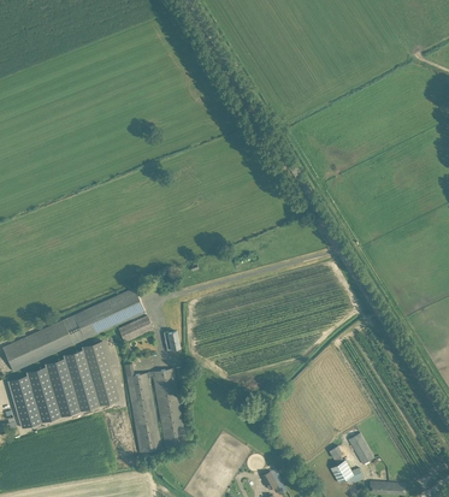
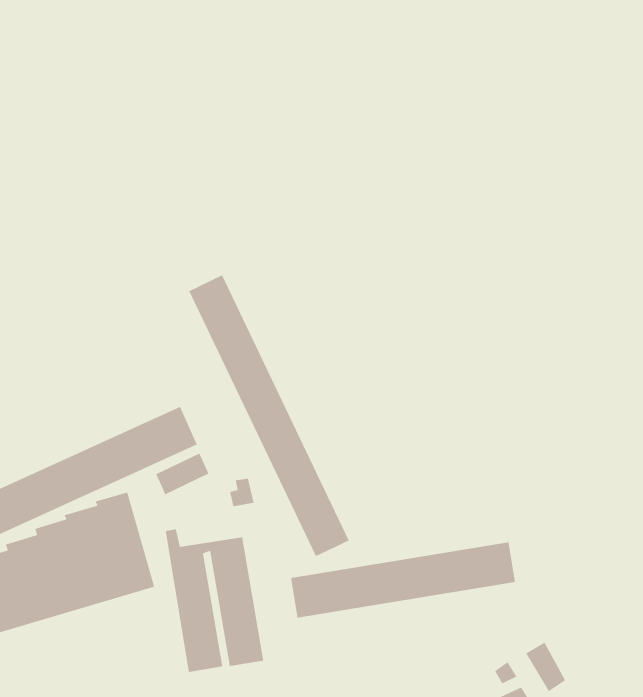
building: none -> [188,274,350,557]
building: none -> [290,542,516,619]

